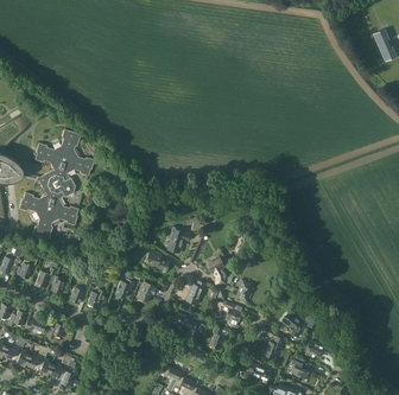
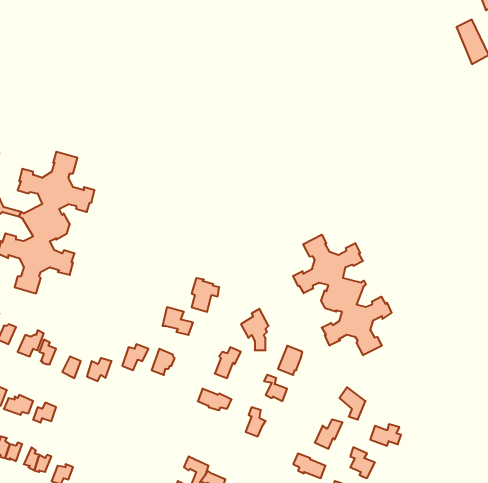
building: none -> [293,235,392,355]

